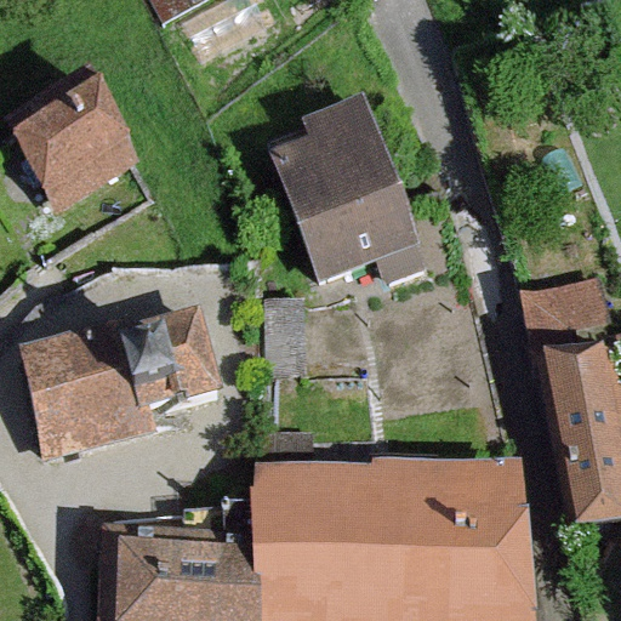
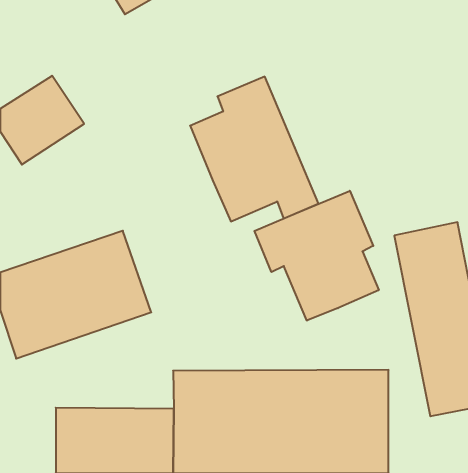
building: none -> [254,191,379,321]

